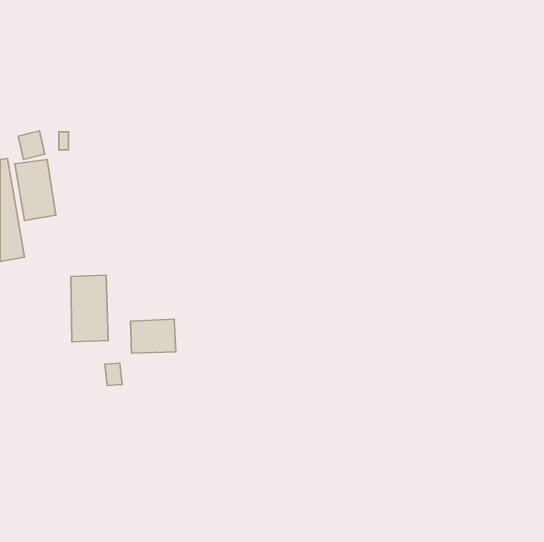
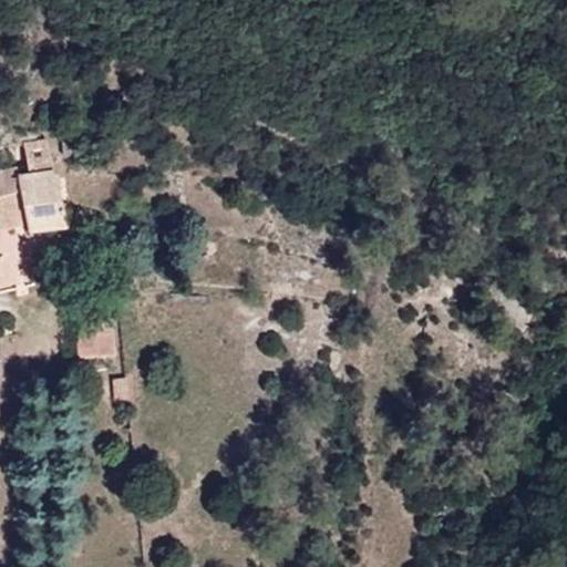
building: [131,319,176,353] -> none

